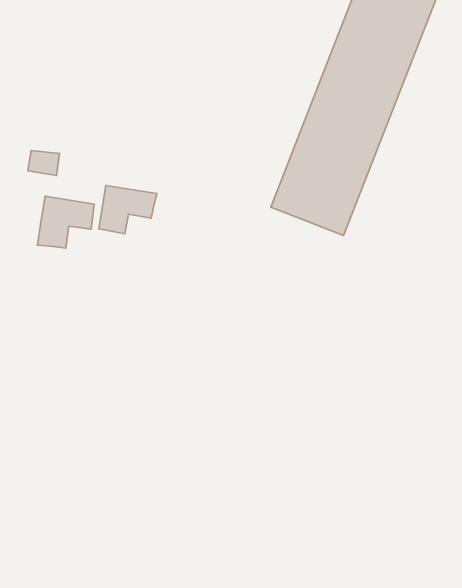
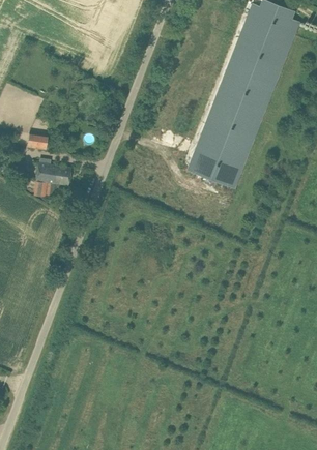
building: [99,185,157,234] -> none

